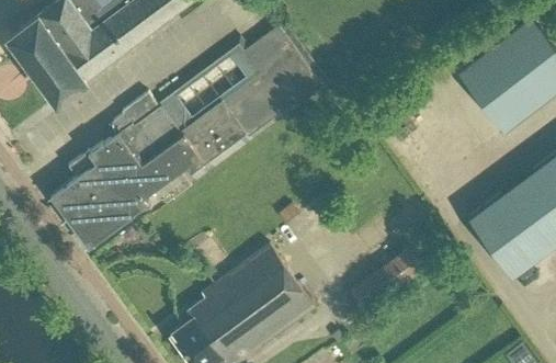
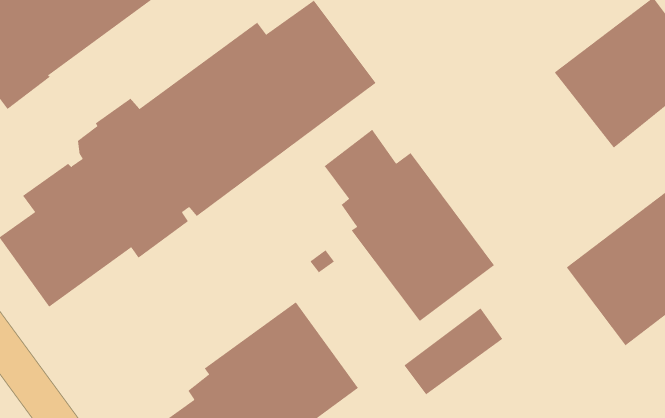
building: none -> [324,129,495,322]

